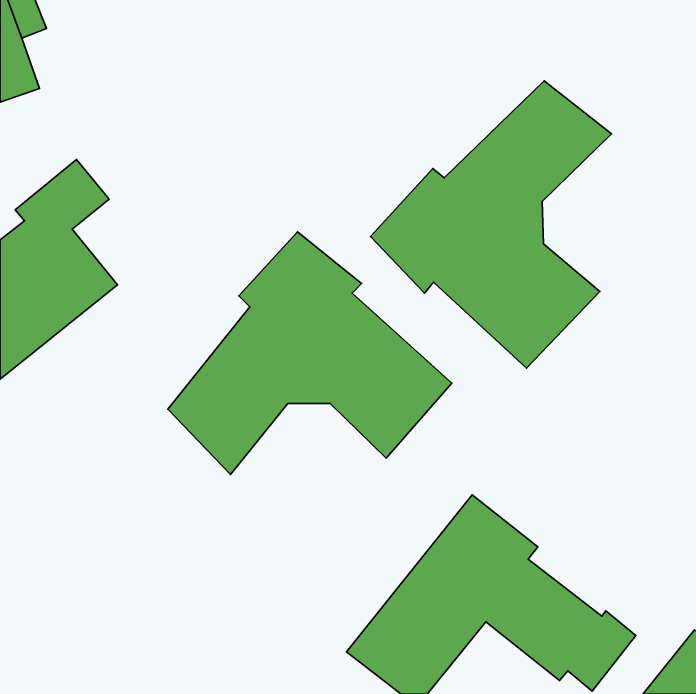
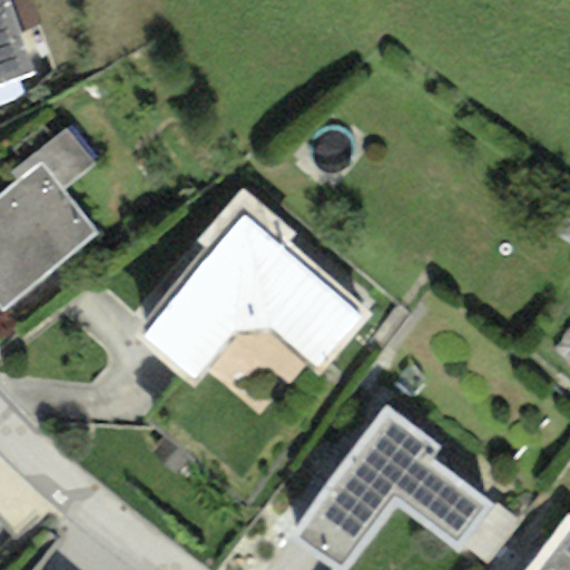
building: [371,81,611,368] -> none

